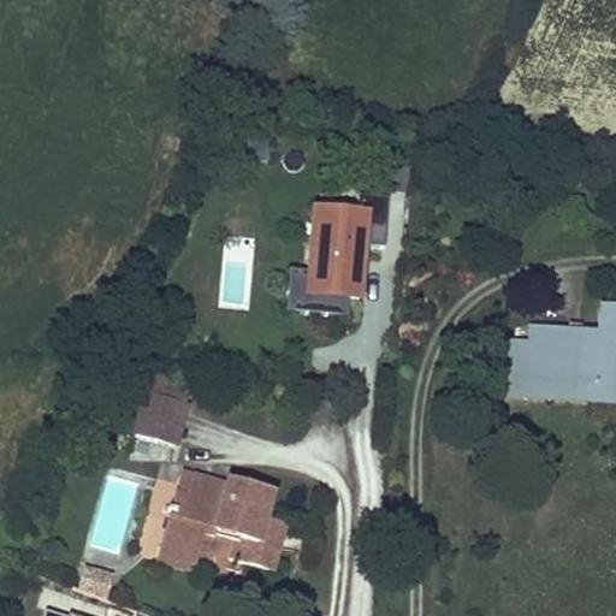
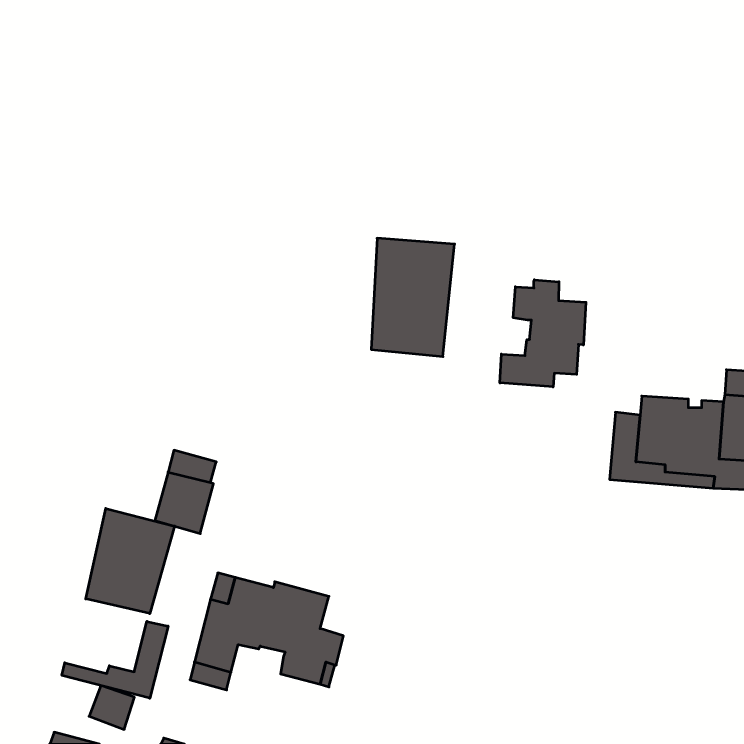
building: none -> [500,280,586,387]
building: none -> [86,508,175,614]
building: none -> [62,621,168,698]

